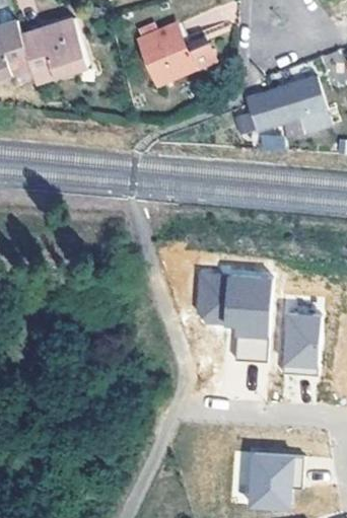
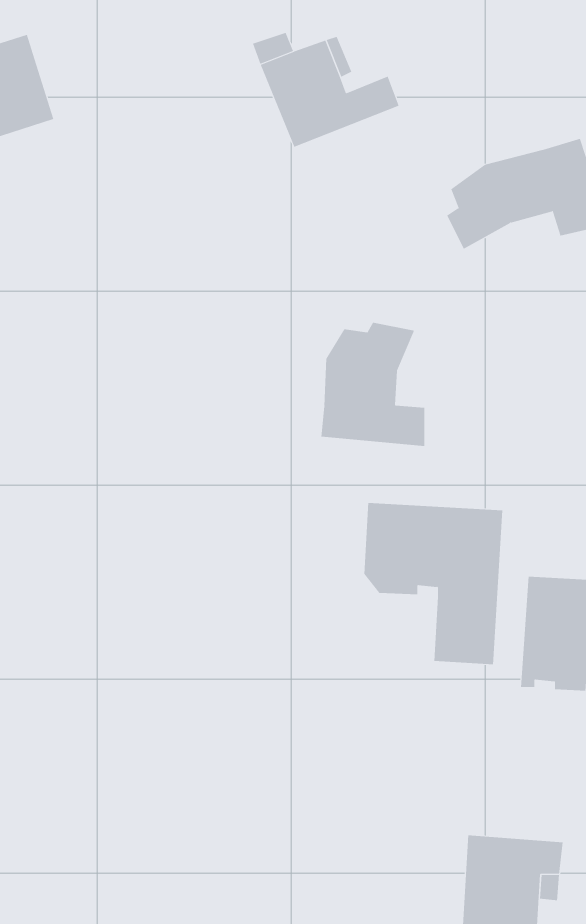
building: [20,18,89,80] -> none
building: none -> [321,322,425,447]

